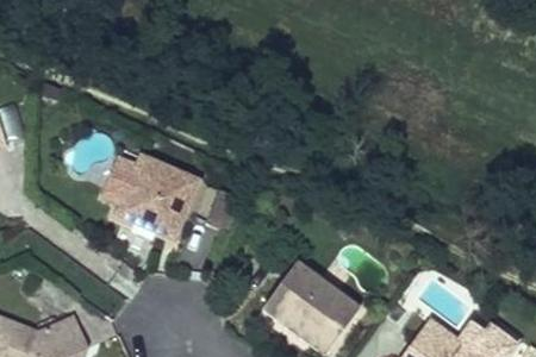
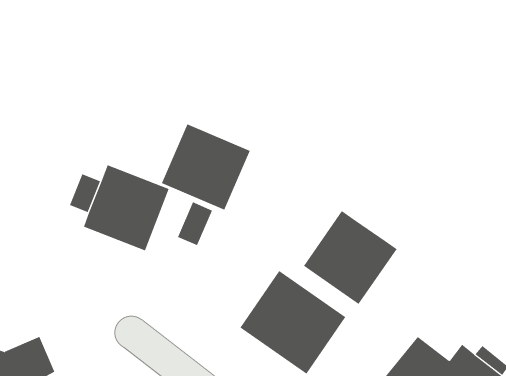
building: none -> [161,123,250,211]
building: none -> [303,210,397,305]

